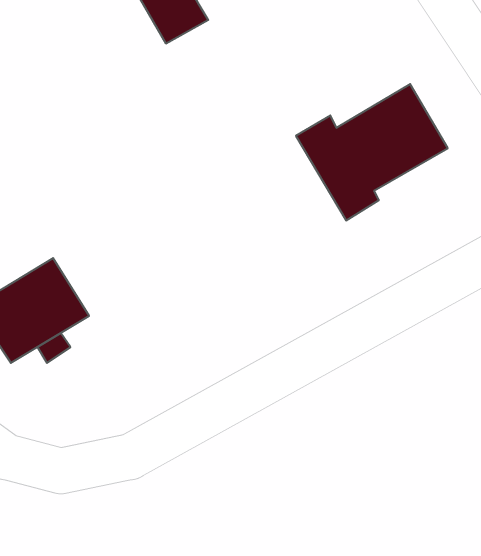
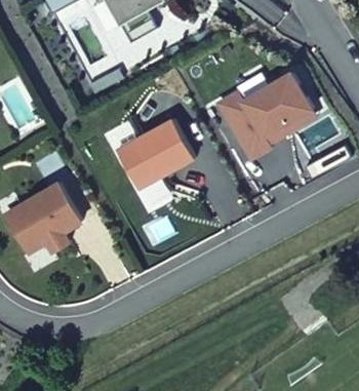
building: none -> [112,122,185,190]

